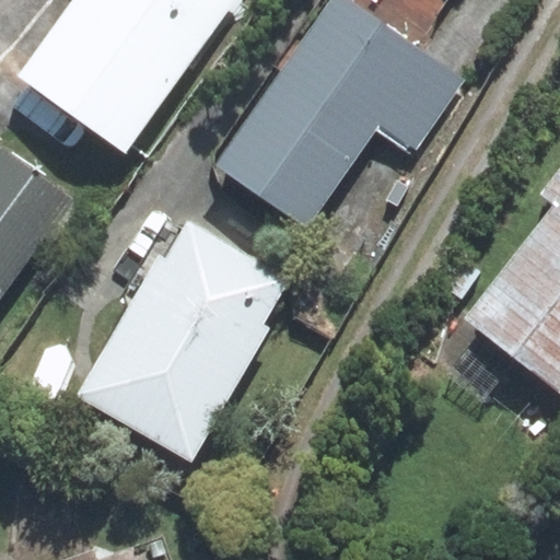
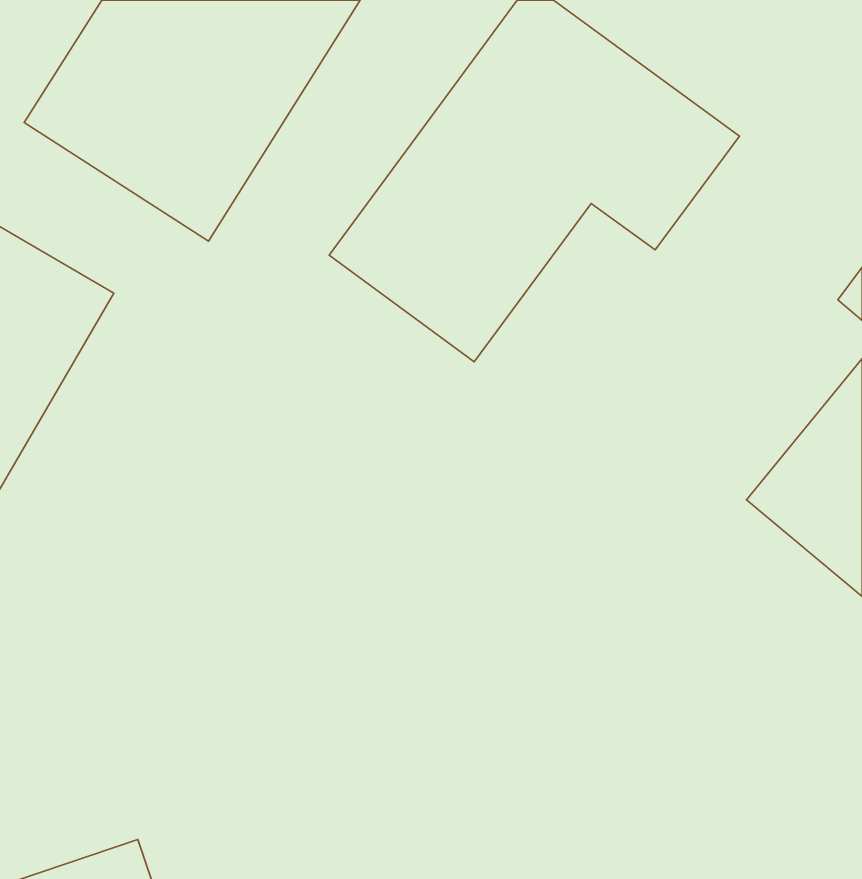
building: [85,219,295,457] -> none

